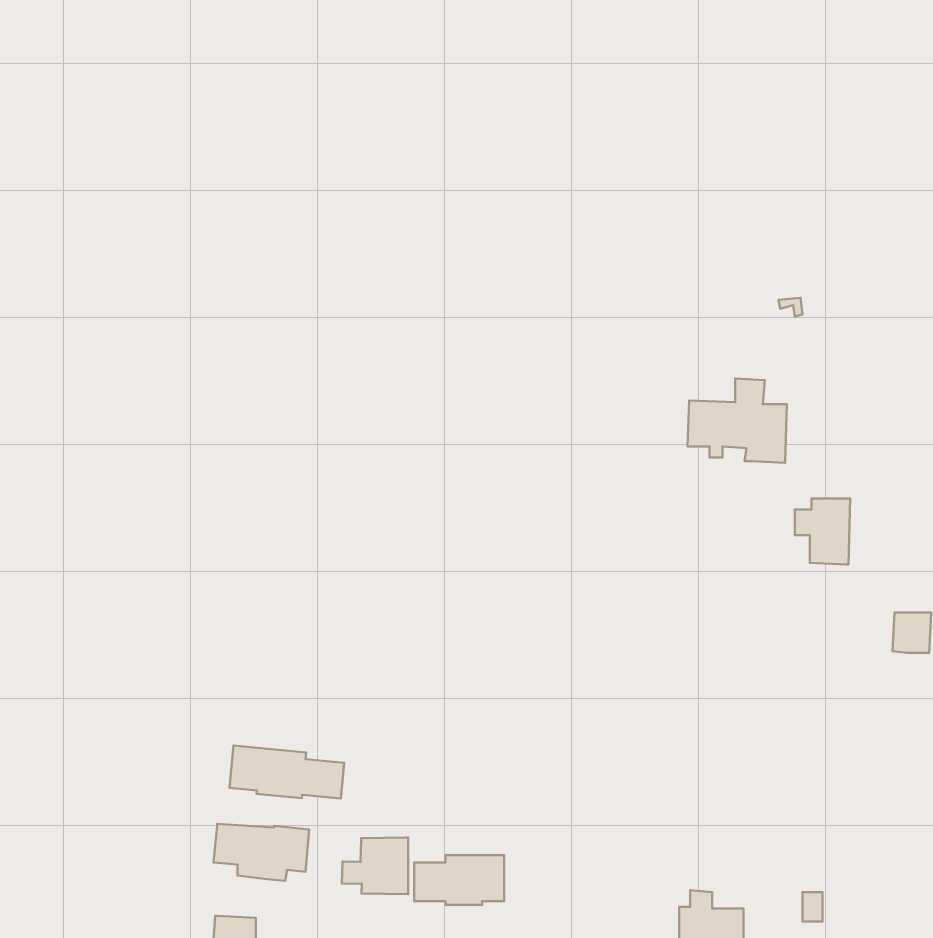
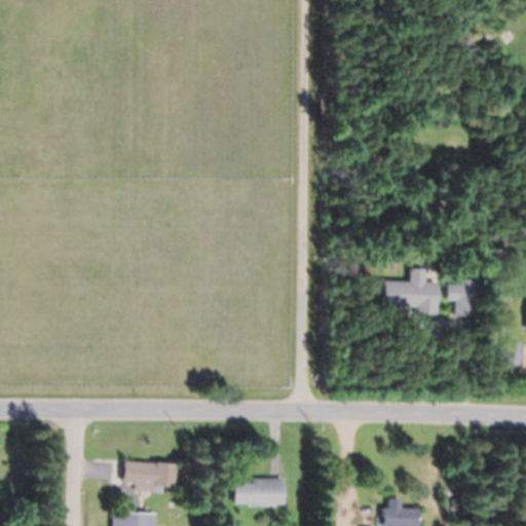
building: [687,378,787,463] -> [383,268,439,315]
building: [229,745,344,799] -> none
building: [342,837,408,894] -> none

